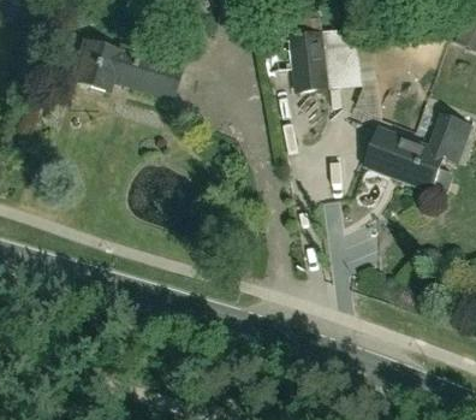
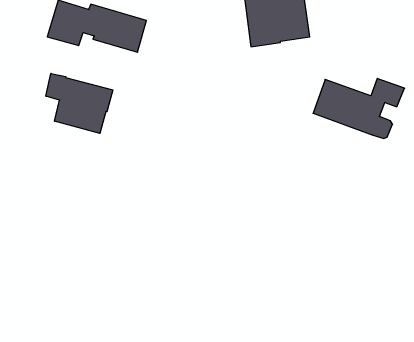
building: none -> [46,73,113,133]

